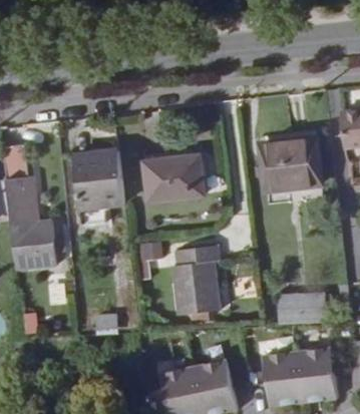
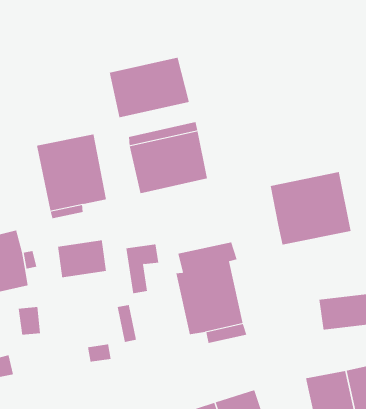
building: none -> [109,57,189,118]
building: [261,137,321,190] -> [270,172,351,245]
building: none -> [57,240,107,278]

